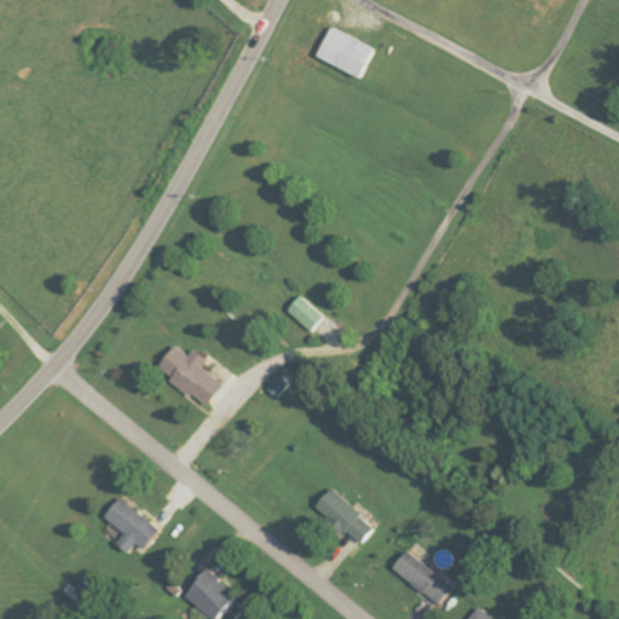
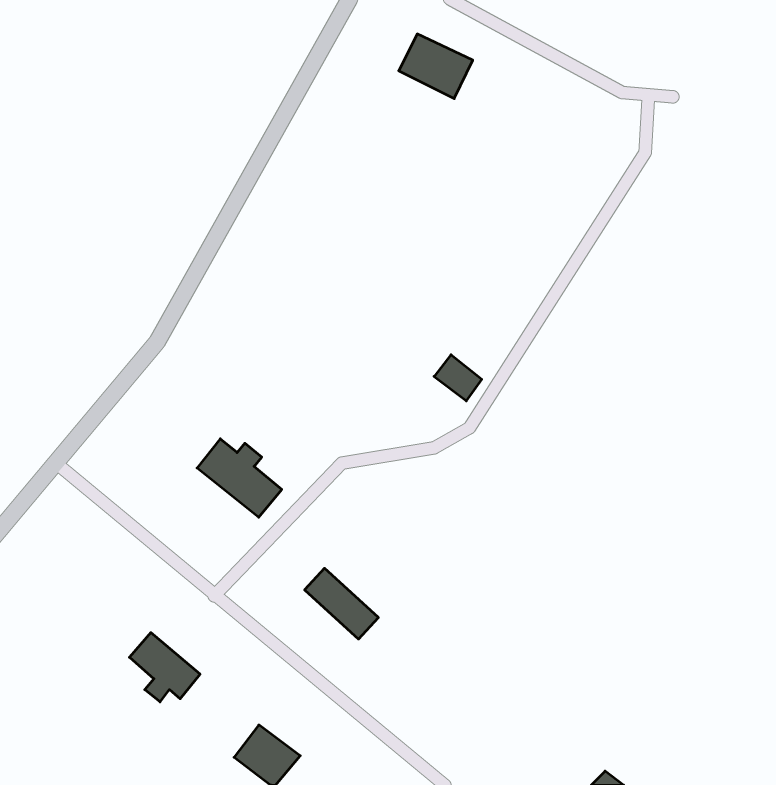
building: [283,295,320,331] -> [434,355,482,401]
building: [313,488,371,544] -> [305,568,378,639]
building: [389,550,450,603] -> none

